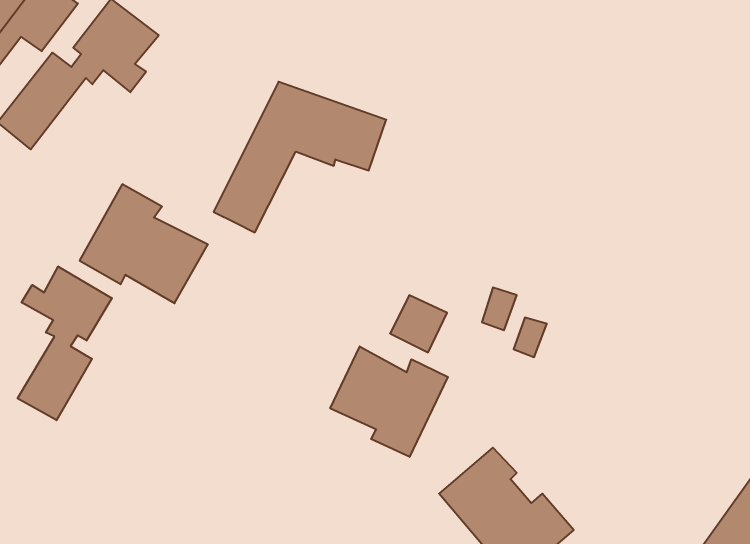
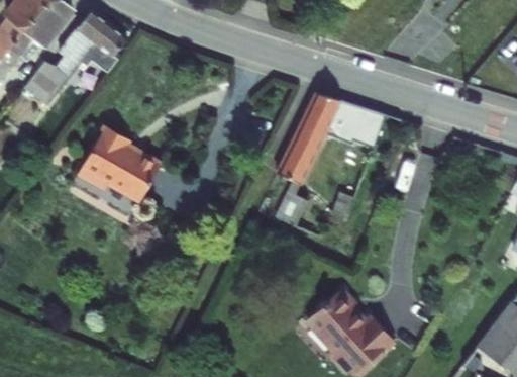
building: [214,82,386,232] -> [278,95,388,191]
building: [18,266,112,420] -> none
building: [330,346,448,457] -> none

